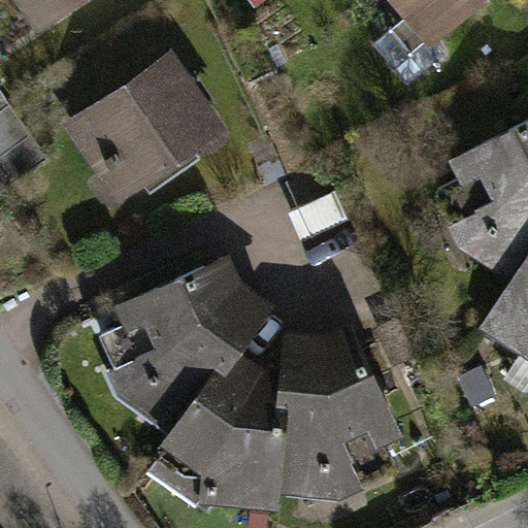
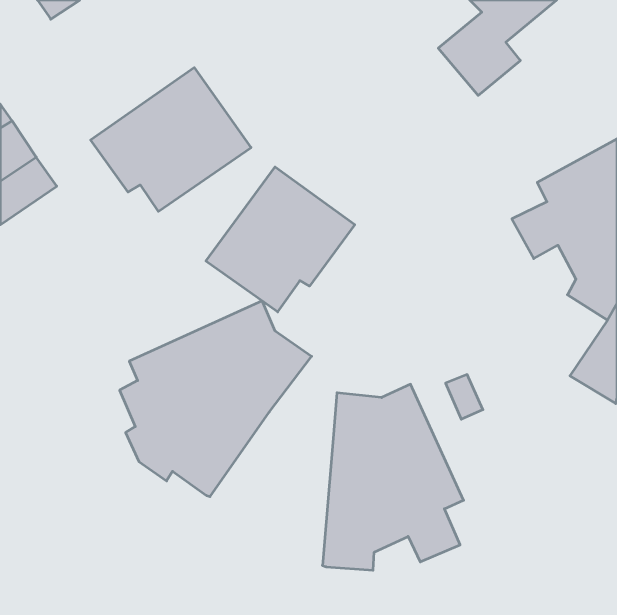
building: none -> [206,167,355,312]
building: [148,354,285,504] -> none

